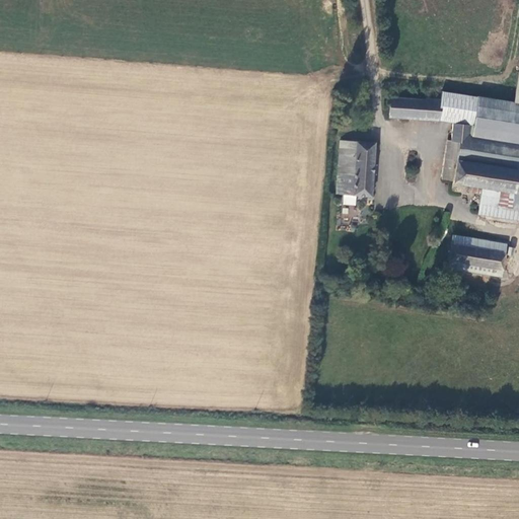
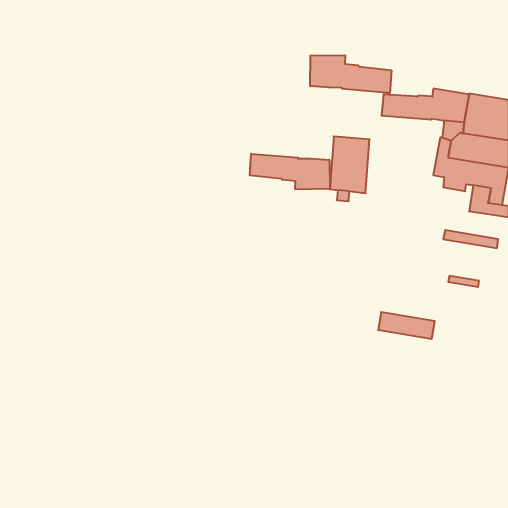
building: none -> [310,55,391,93]
building: none -> [250,154,330,189]
building: [449,243,507,271] -> [378,312,435,339]

